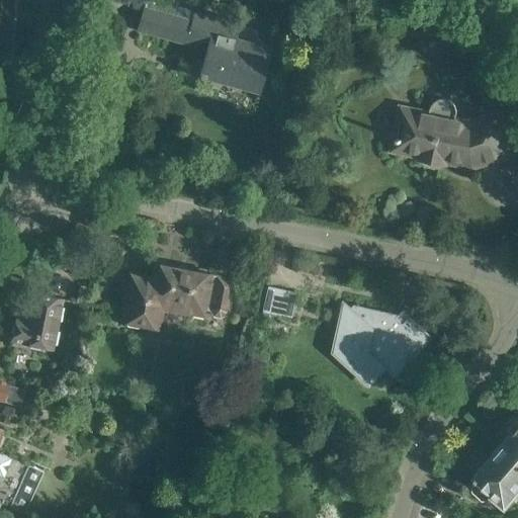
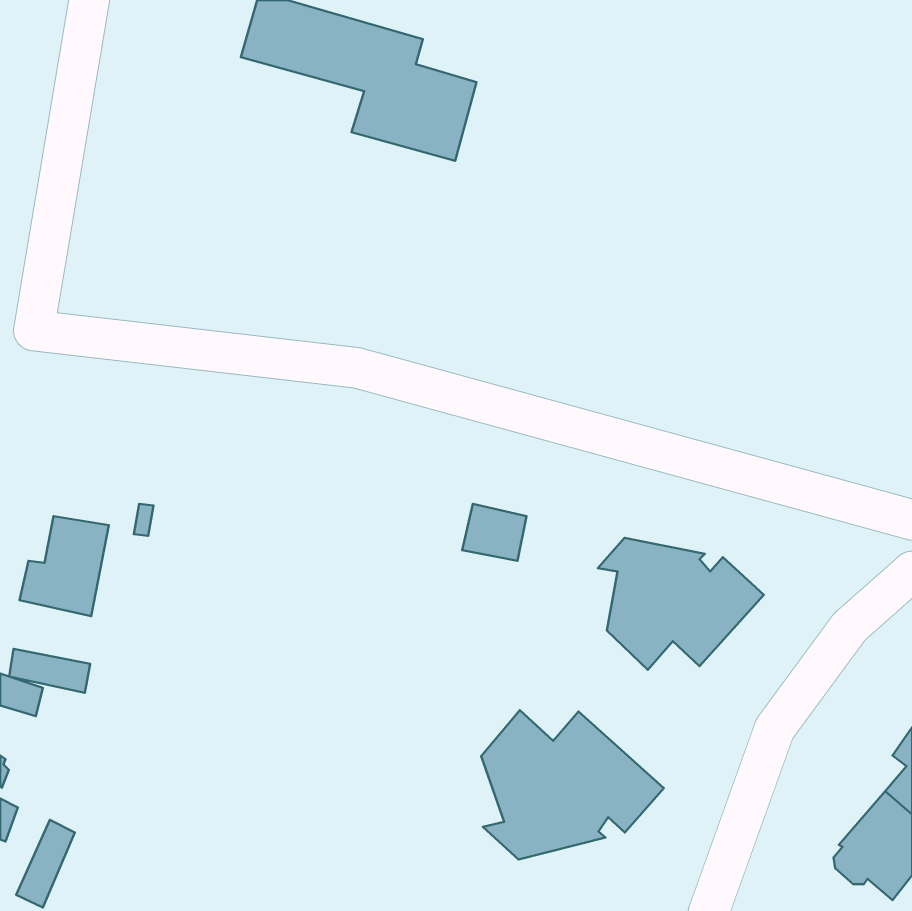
building: [395,99,511,165] -> none
building: [117,263,234,331] -> none
building: none -> [9,649,90,693]
building: none -> [481,710,664,860]

